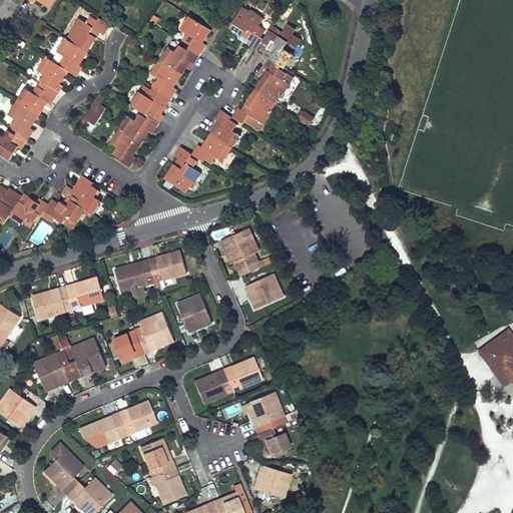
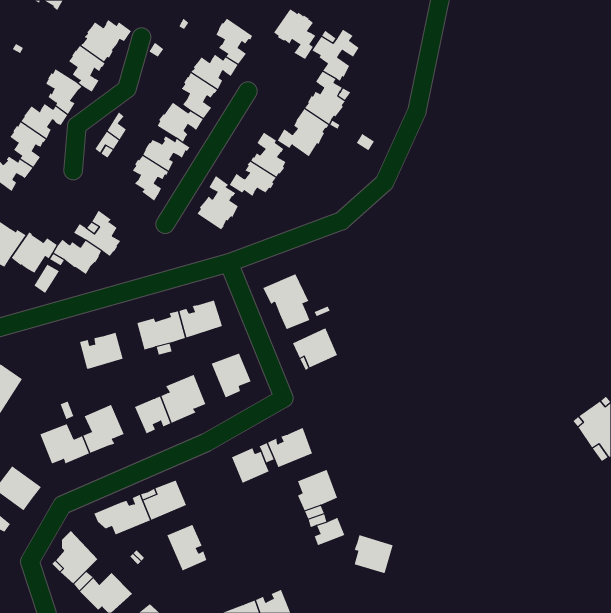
building: [31,286,72,320] -> none
building: [256,465,290,498] -> [354,534,394,574]
building: [148,468,185,504] -> none

